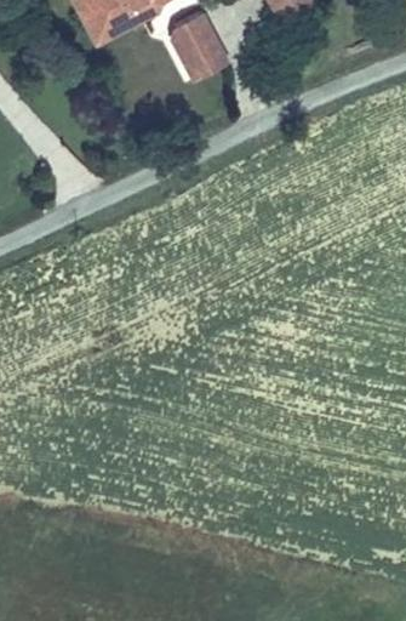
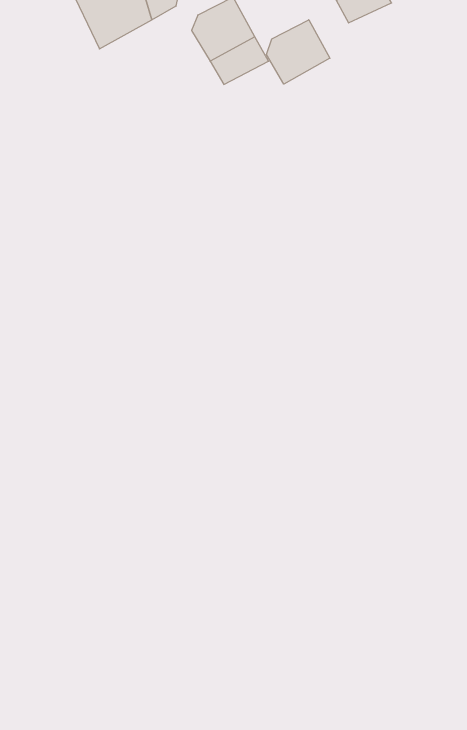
building: none -> [266,20,330,84]

